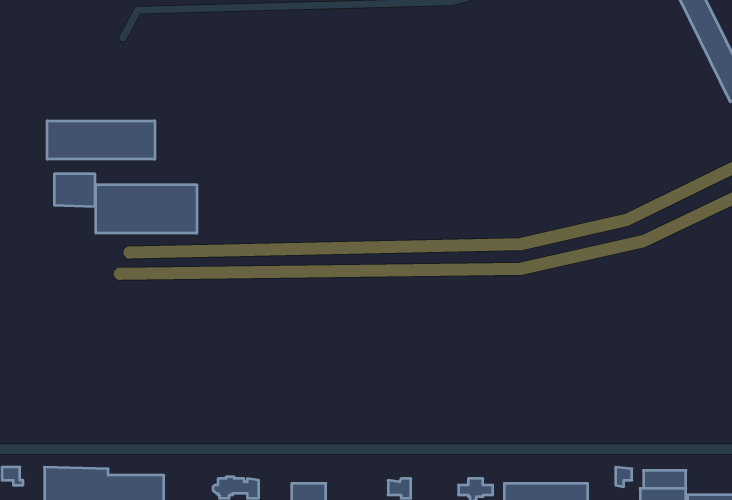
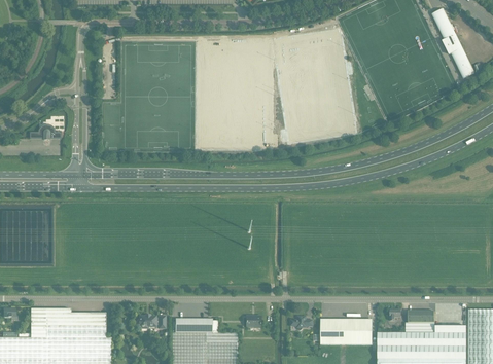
building: [47,121,155,159] -> none
building: [96,185,197,233] -> none

